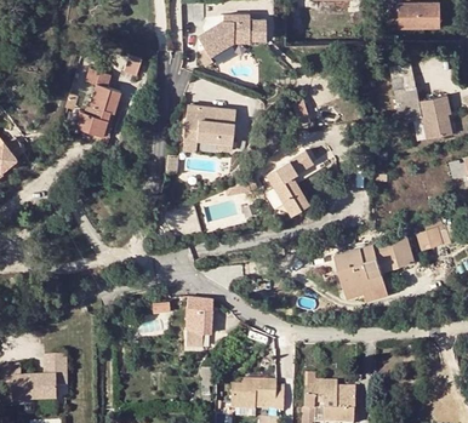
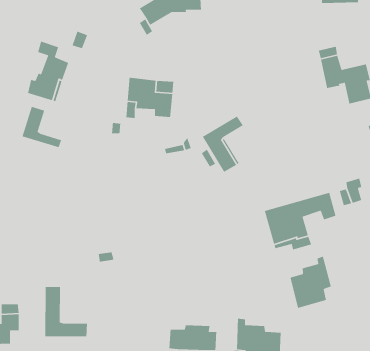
building: none -> [21,106,62,148]
building: [186,298,213,348] -> none
building: none -> [289,255,332,309]
building: none -> [44,286,88,337]

